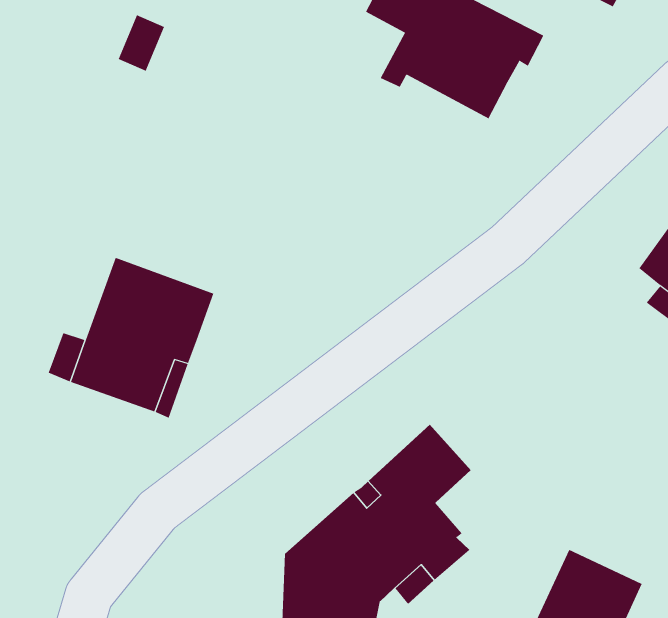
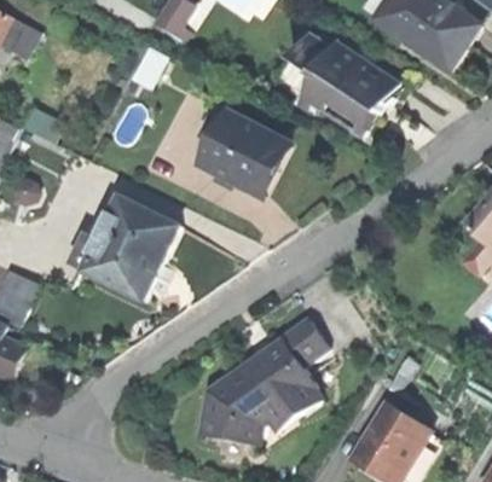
building: none -> [201,112,283,193]

